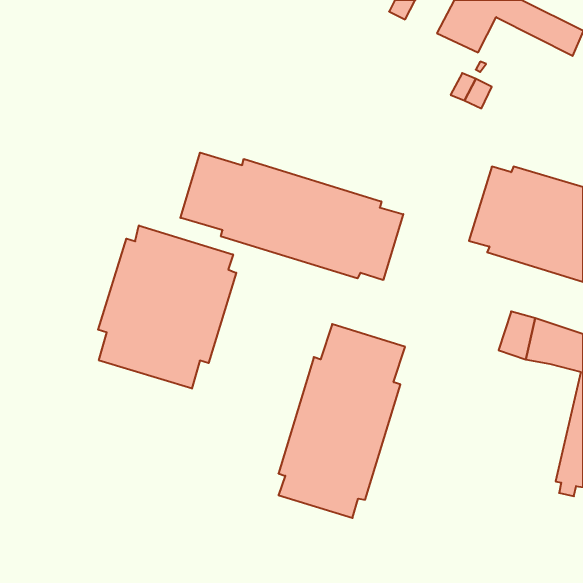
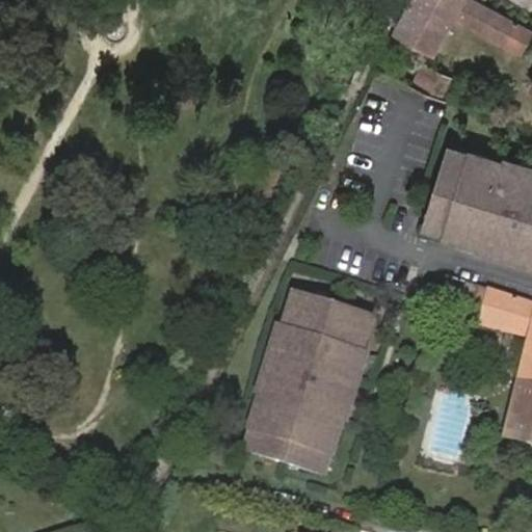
building: [180,153,403,280] -> none
building: [98,225,236,389] -> none

